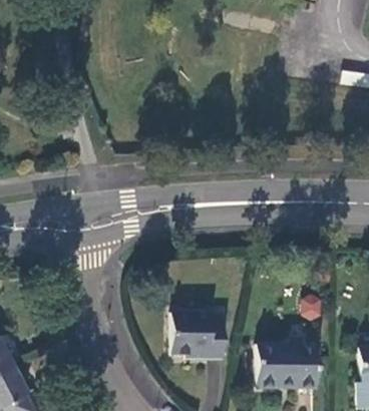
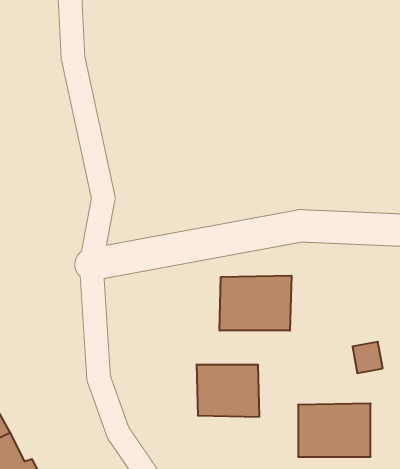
building: none -> [220,276,291,331]

